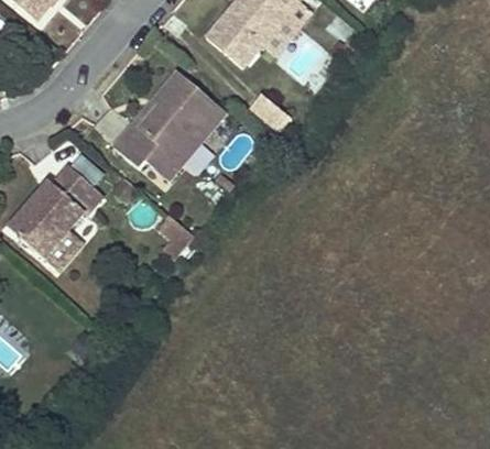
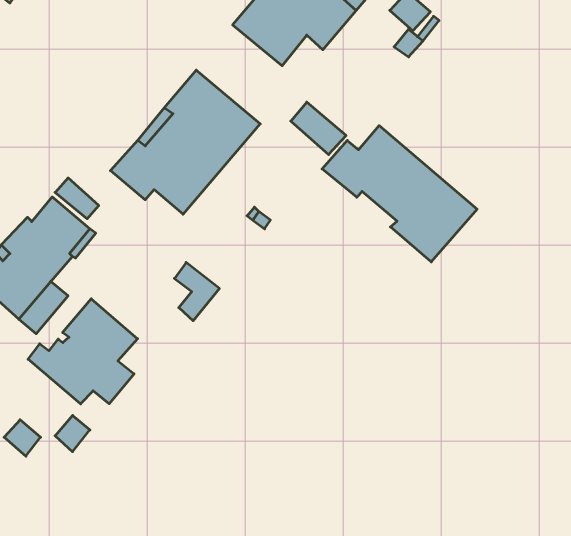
building: none -> [322,126,477,262]
building: none -> [28,299,138,404]

